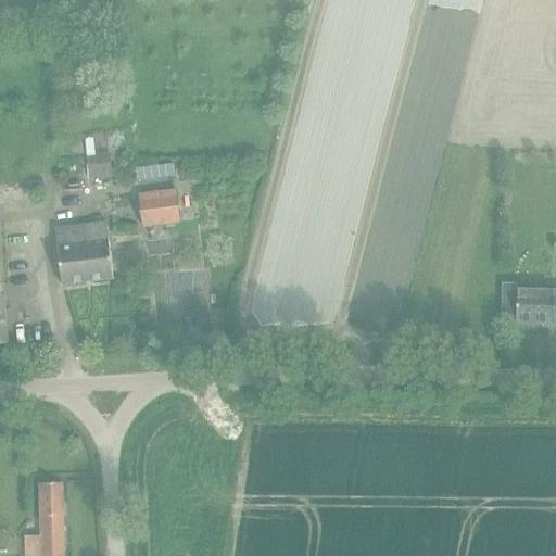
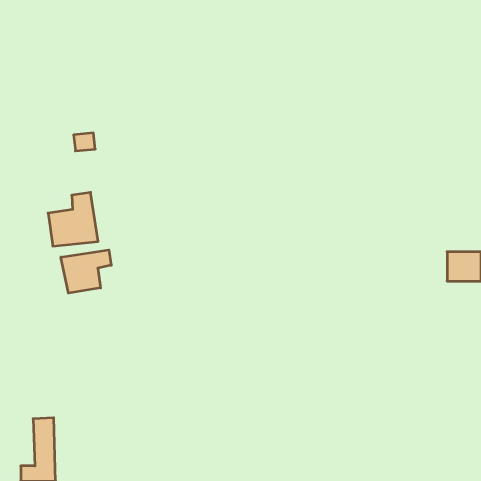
building: [140,187,179,222] -> none
building: none -> [61,250,111,293]

